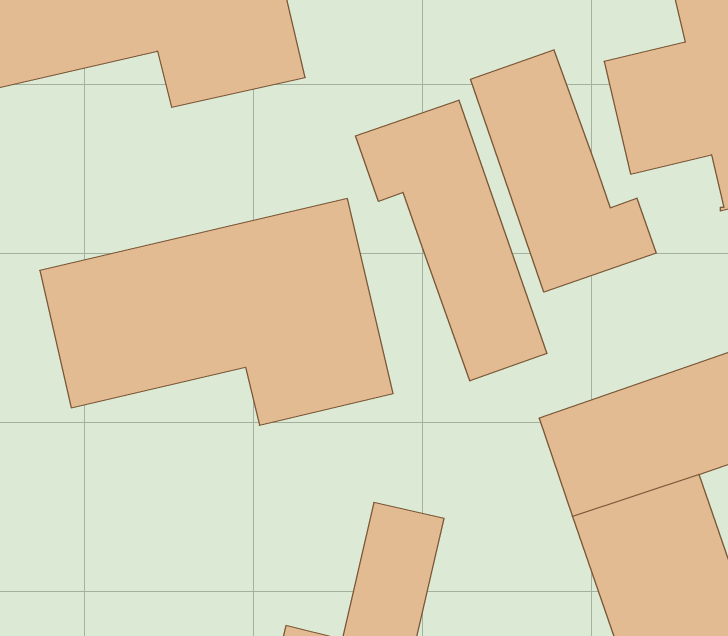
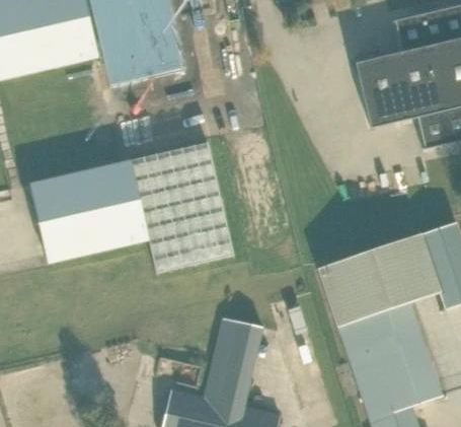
building: [470,50,656,292] -> none
building: [356,100,547,381] -> none

